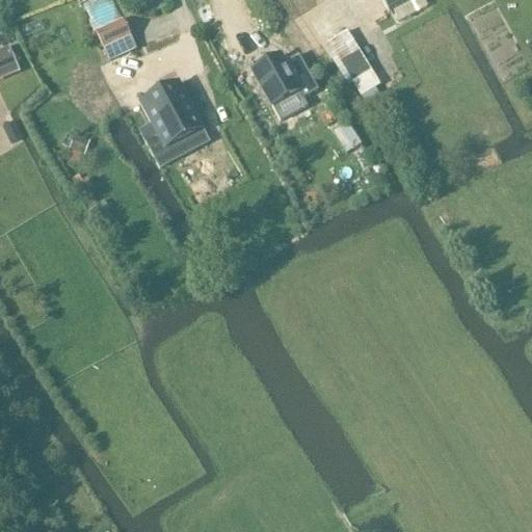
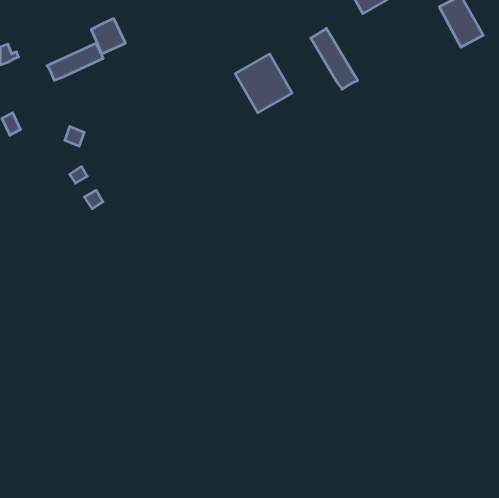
building: none -> [47,43,103,80]
building: [141,84,203,149] -> none

